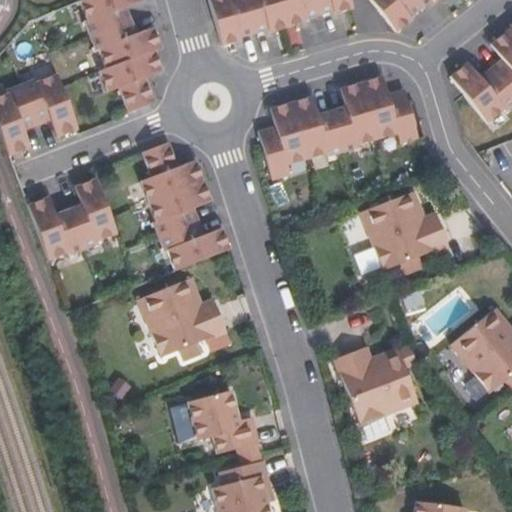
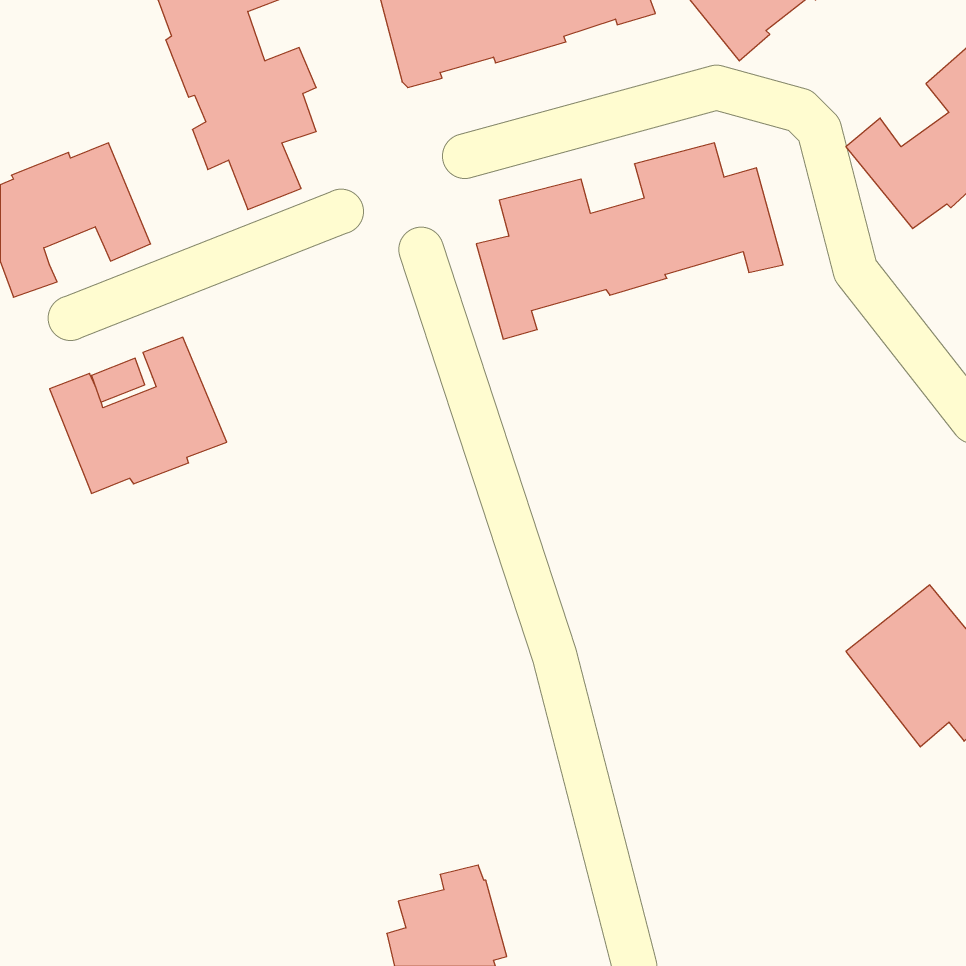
building: [148,139,239,267] -> none
building: [357,190,444,273] -> none
building: [144,276,234,359] -> none
building: [330,339,413,423] -> none
building: [182,392,255,459] -> none

